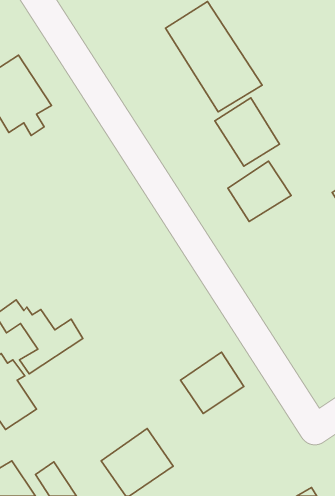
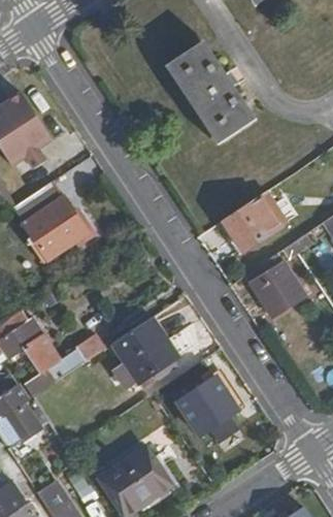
building: [215,98,279,166] -> none
building: none -> [15,177,90,258]
building: none -> [252,251,302,315]
building: none -> [107,316,174,385]

